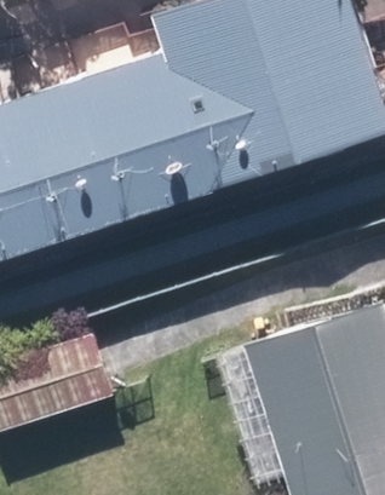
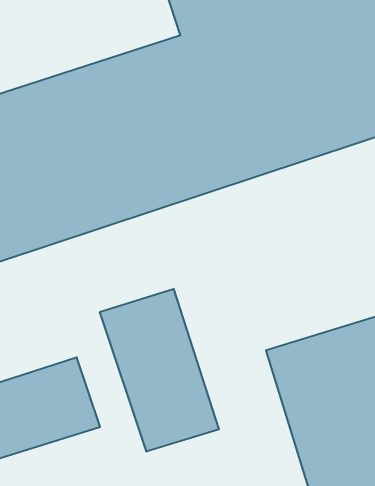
building: none -> [100,289,219,452]

